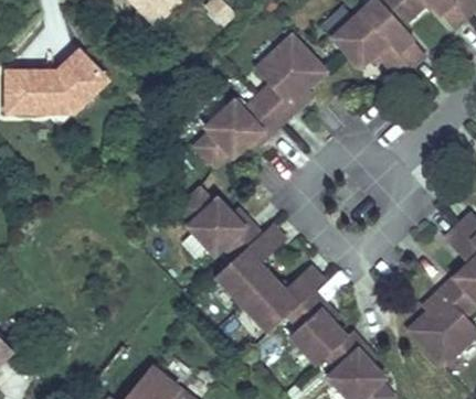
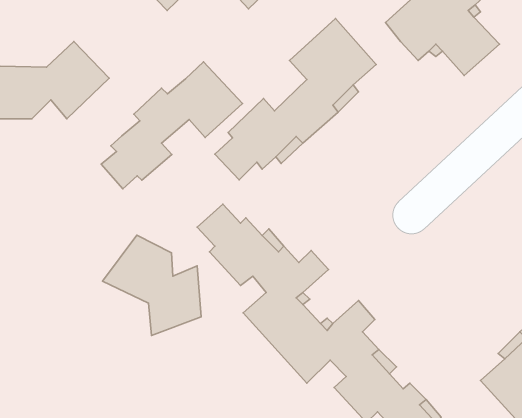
building: none -> [101,62,242,189]
building: none -> [102,235,201,336]

